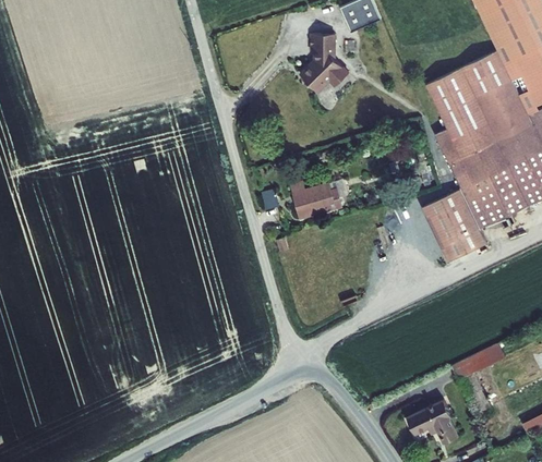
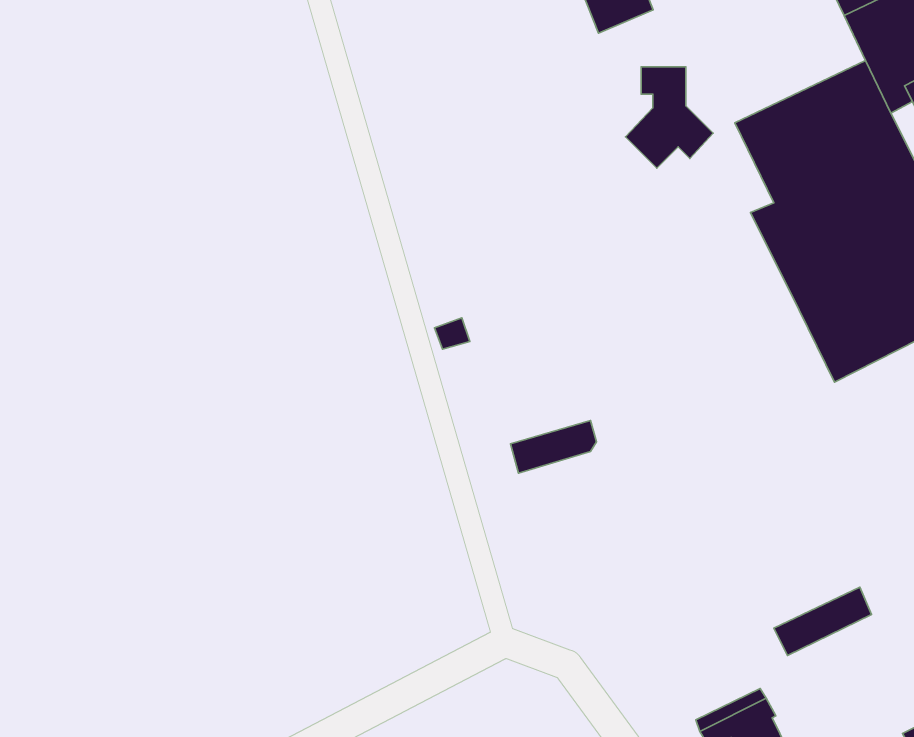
building: [298,36,347,93] -> [626,67,713,168]
building: [289,189,337,218] -> [511,420,596,473]
building: [423,189,489,262] -> none

